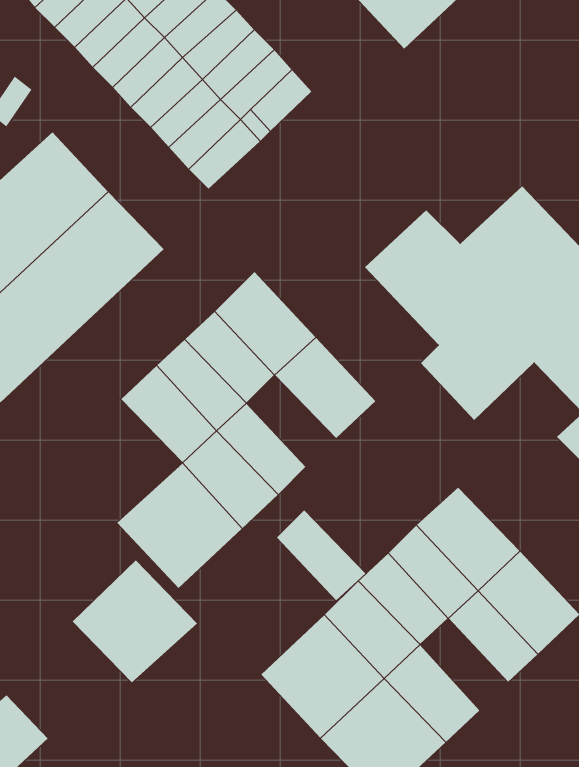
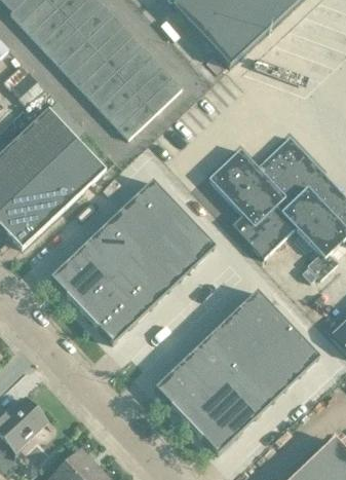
building: [276,509,366,601] -> [147,233,193,281]
building: [72,560,198,683] -> [49,246,114,309]
building: none -> [236,359,281,406]

